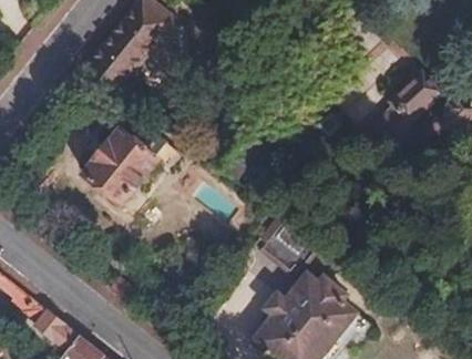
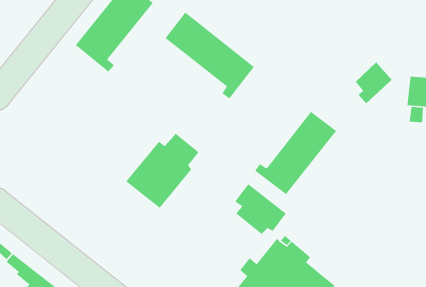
building: none -> [164,11,255,99]
building: [83,119,164,202] -> [125,133,199,209]
building: none -> [254,111,337,195]

